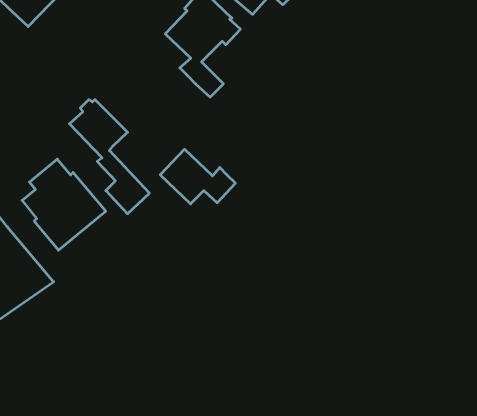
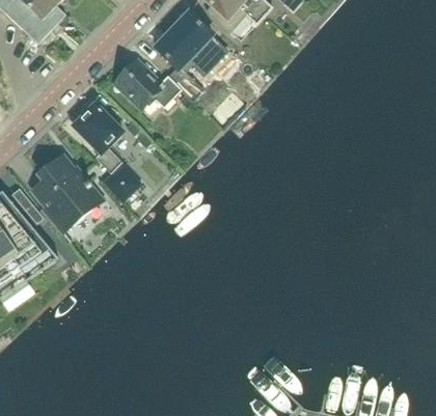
building: [160,149,235,204] -> [116,61,181,108]

